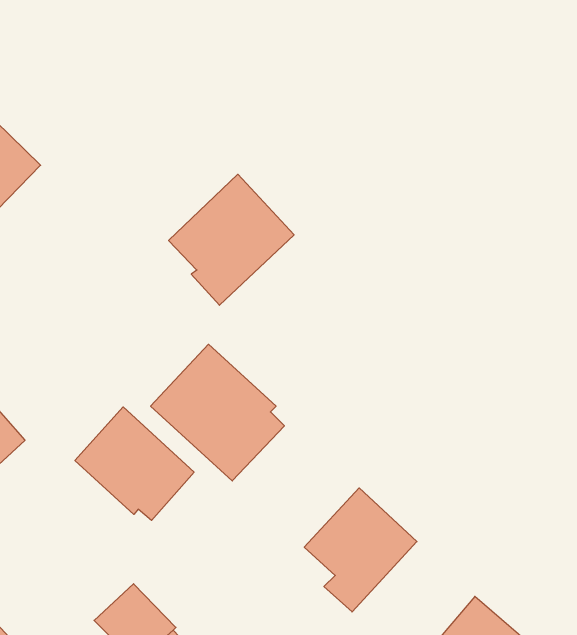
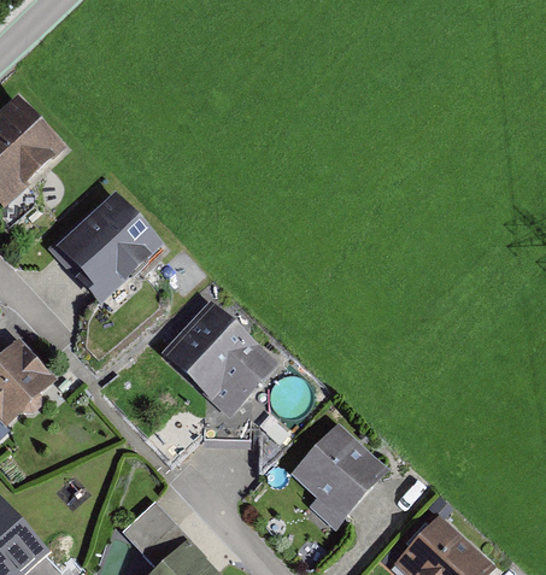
building: [169,174,294,305] -> [49,195,157,307]
building: [75,407,194,520] -> none

